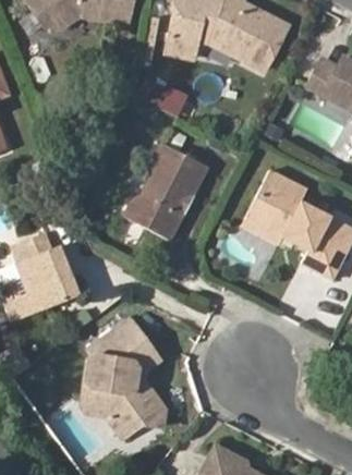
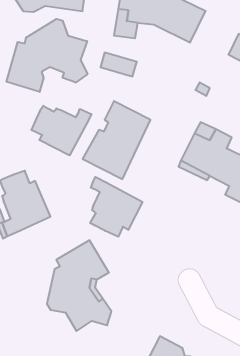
building: none -> [6,19,87,92]
building: none -> [31,106,91,155]
building: none -> [90,177,143,237]

